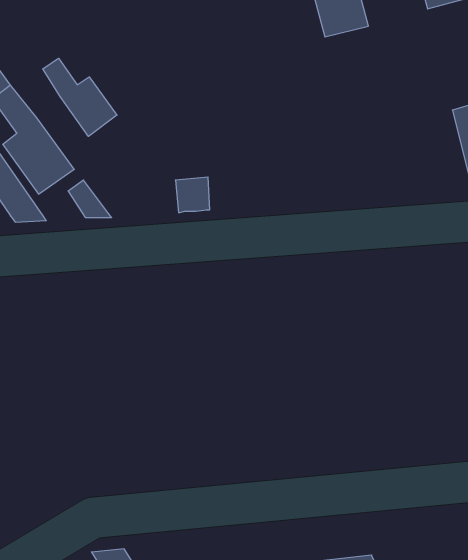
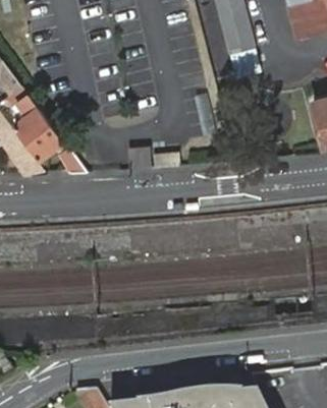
building: [43,58,117,136] -> none

